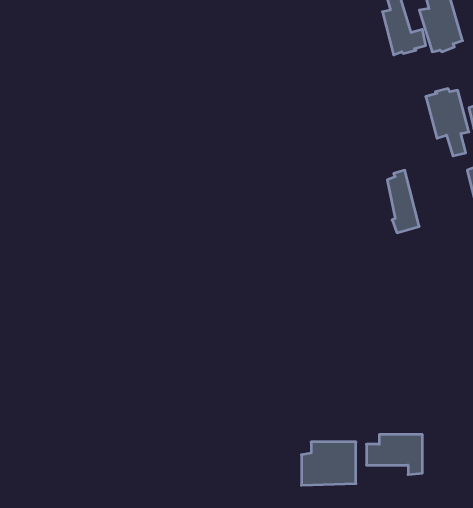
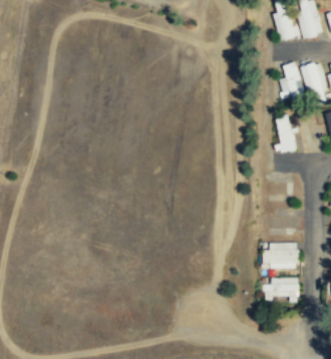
building: none -> [278,61,304,100]
building: [301,442,356,485] -> [262,243,296,270]

